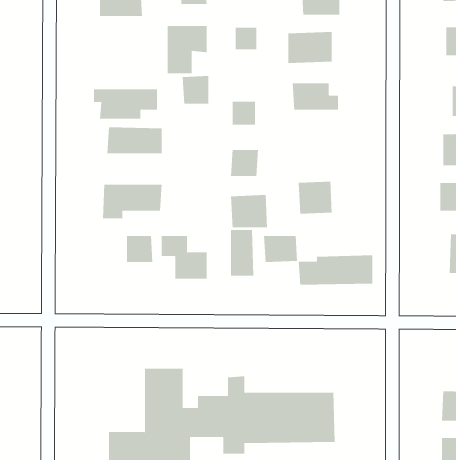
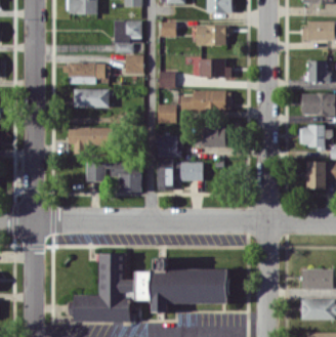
building: [298,255,373,285] -> [179,90,230,111]

